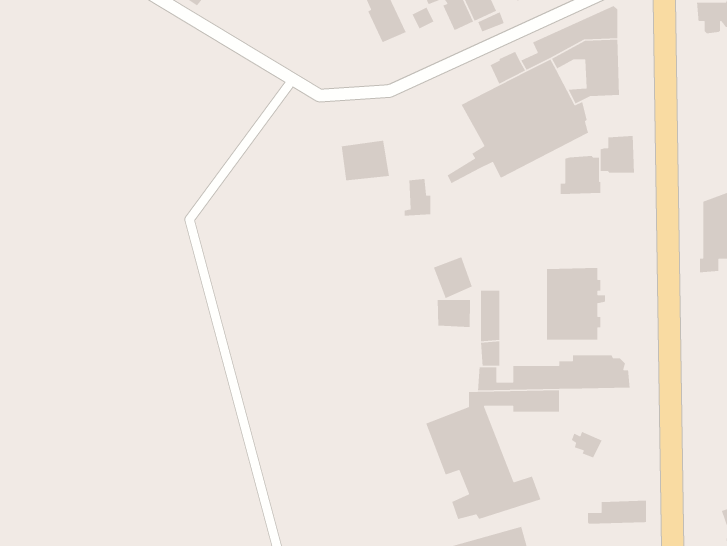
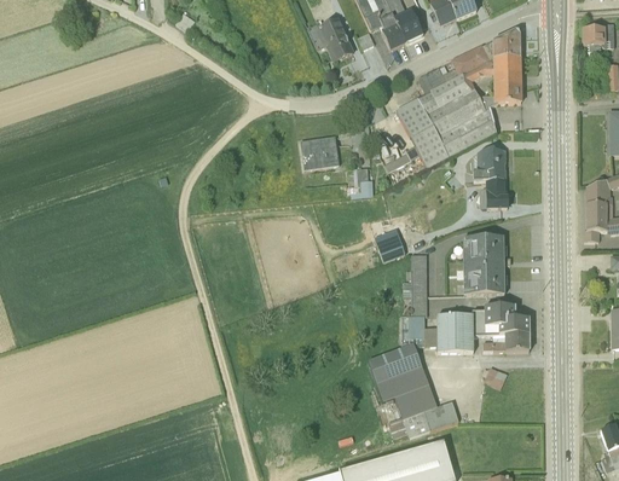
building: [600,135,635,173] -> [480,178,508,208]
building: [437,299,471,328] -> none
building: [587,500,647,524] -> [482,331,530,350]

